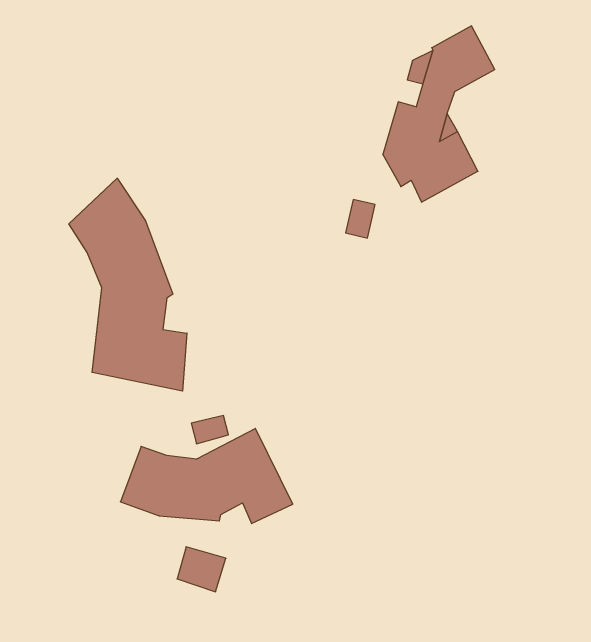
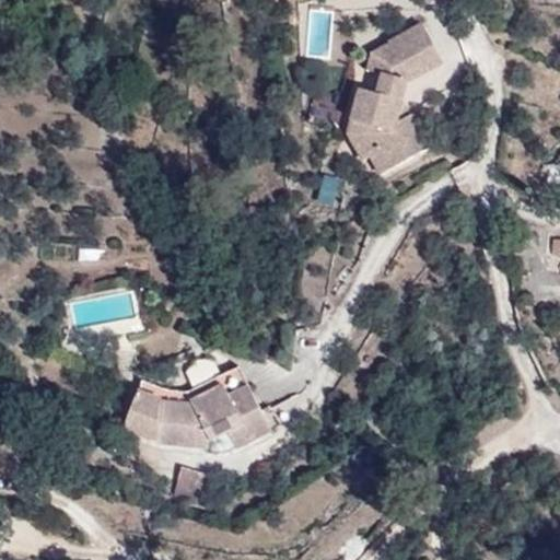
building: [69,178,187,391] -> none

